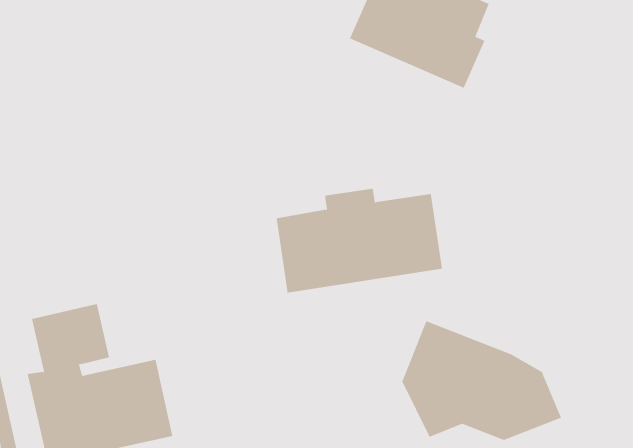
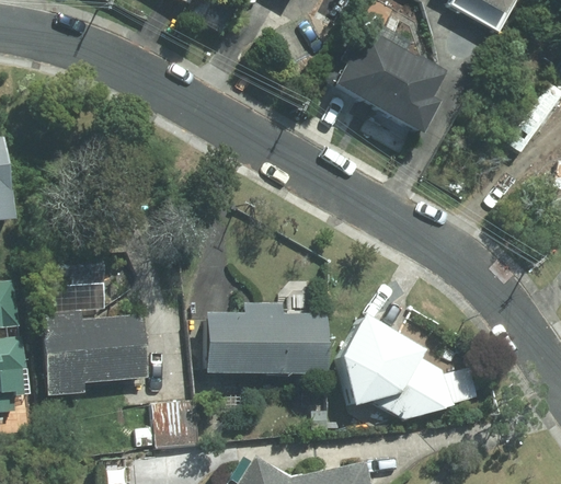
building: [276,188,443,293] -> [202,302,327,374]

